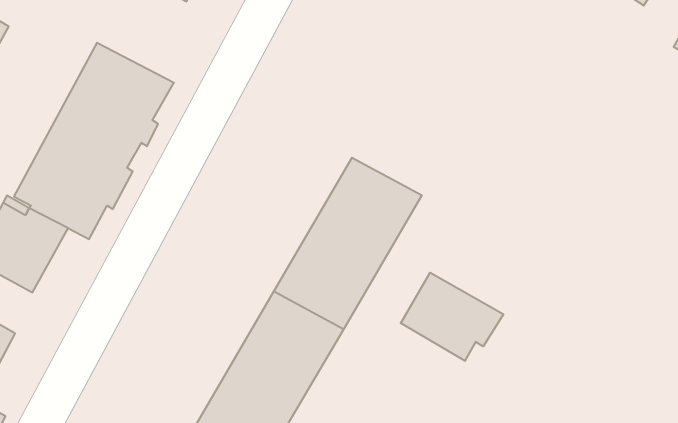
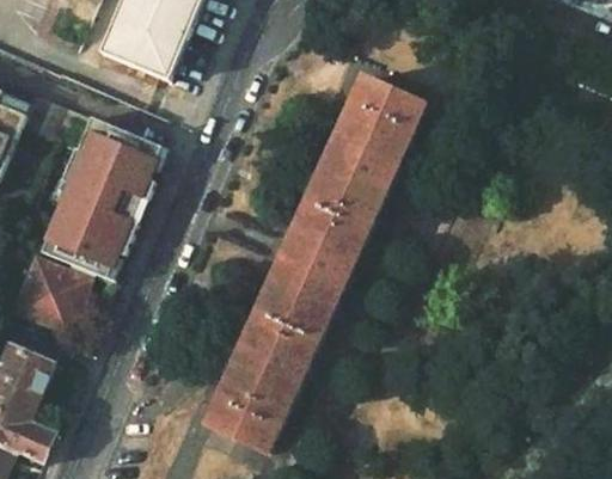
building: none -> [312,76,424,217]
building: [401,273,503,361] -> none

